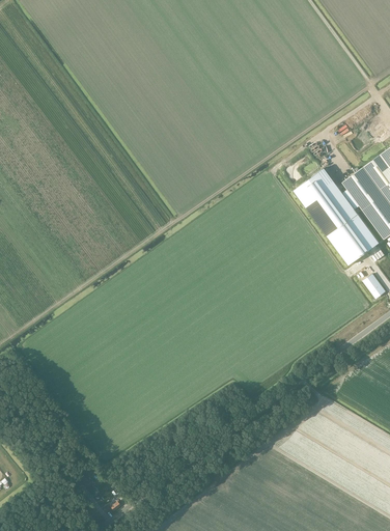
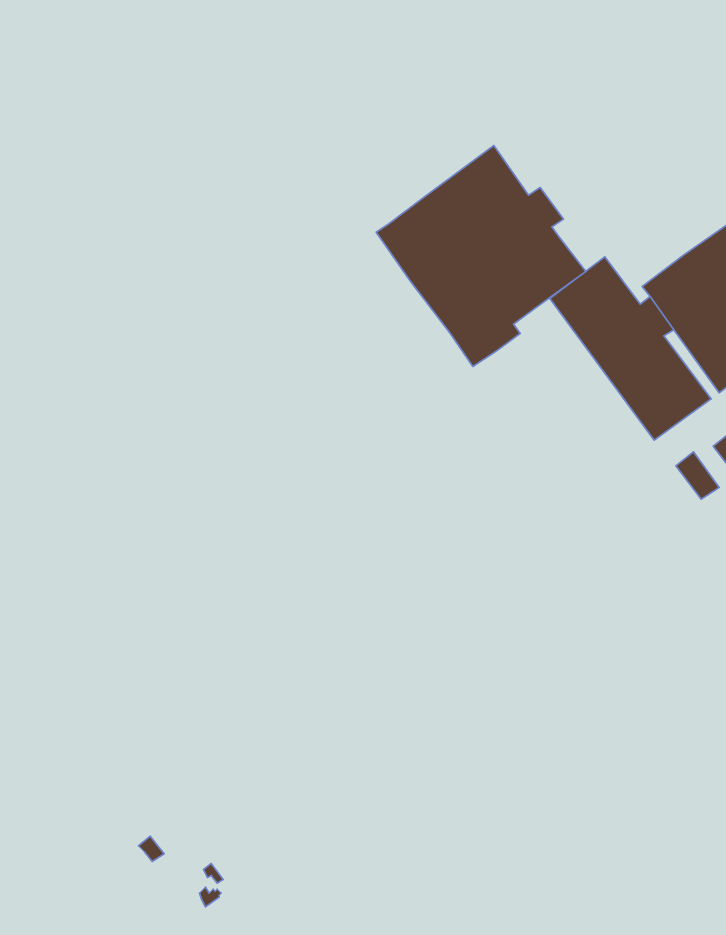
building: none -> [376,146,586,367]

